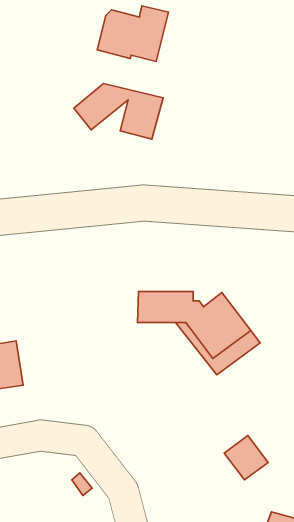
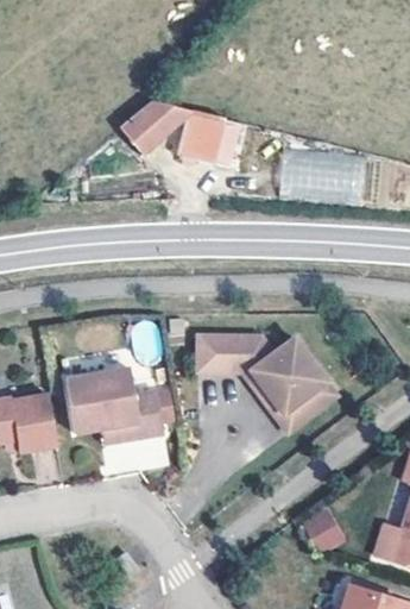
building: [97,6,168,61] -> none
building: none -> [71,368,170,440]

